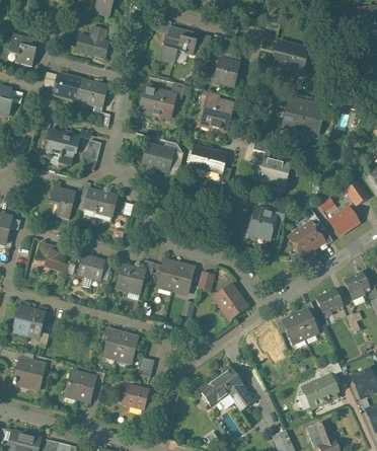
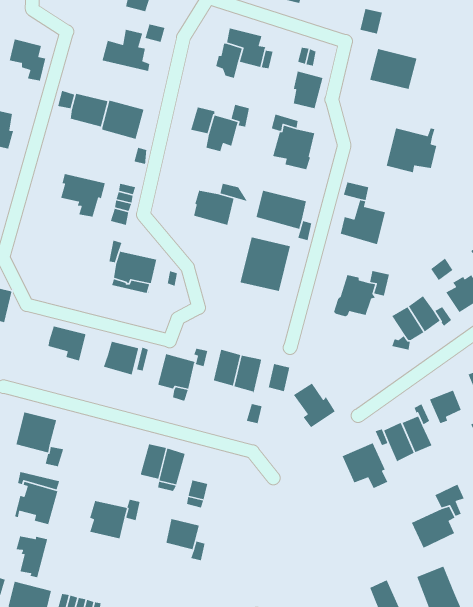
building: none -> [240,236,291,292]
building: [50,179,76,219] -> none
building: [199,367,253,409] -> none
building: none -> [15,536,48,578]

